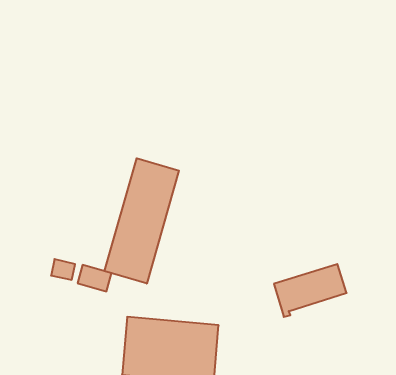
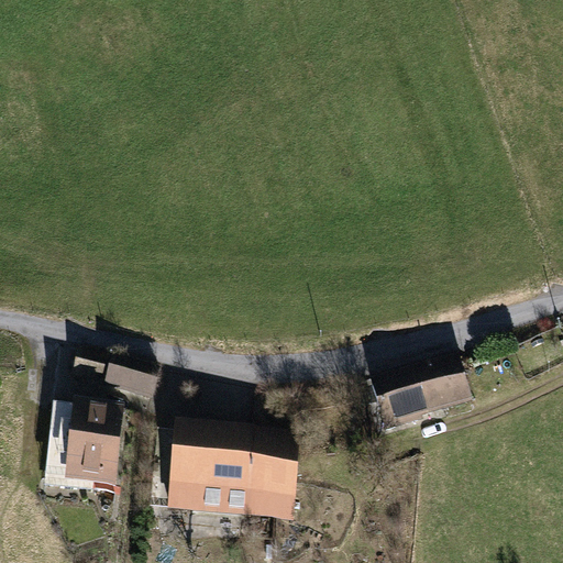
building: [105,158,179,284] -> none
building: none -> [46,409,121,486]

